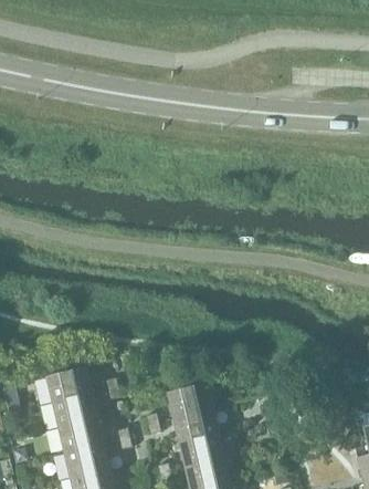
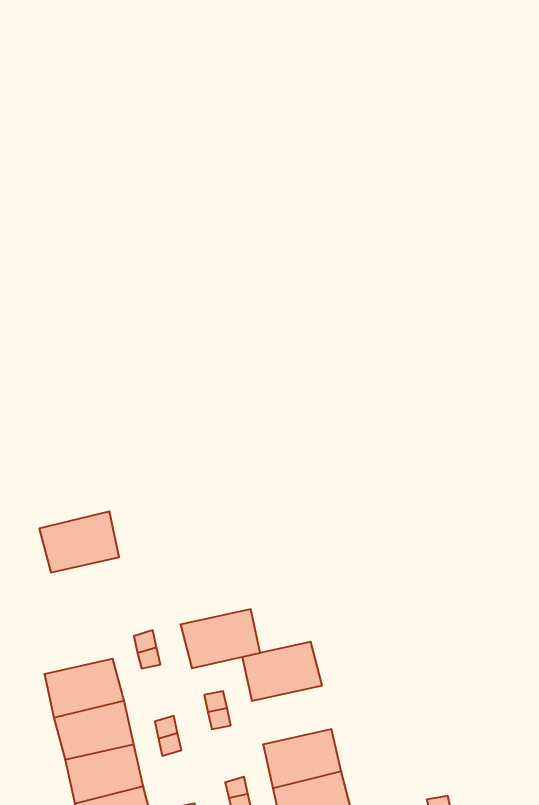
building: [46,366,93,402] -> [39,511,119,572]
building: [173,408,220,443] -> [180,609,260,668]

